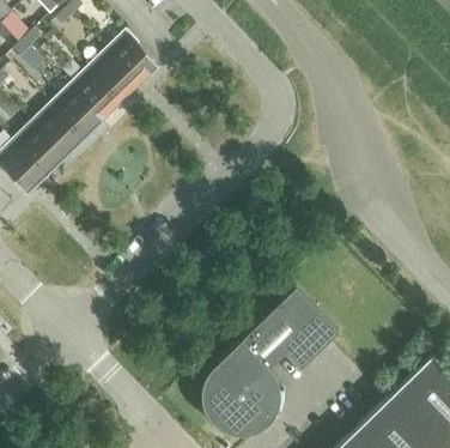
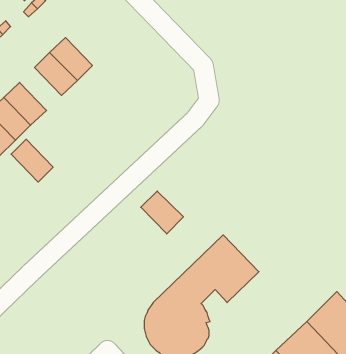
building: [107,31,158,84] -> none
building: [51,86,102,138] -> [11,139,53,182]
building: none -> [141,191,183,234]

